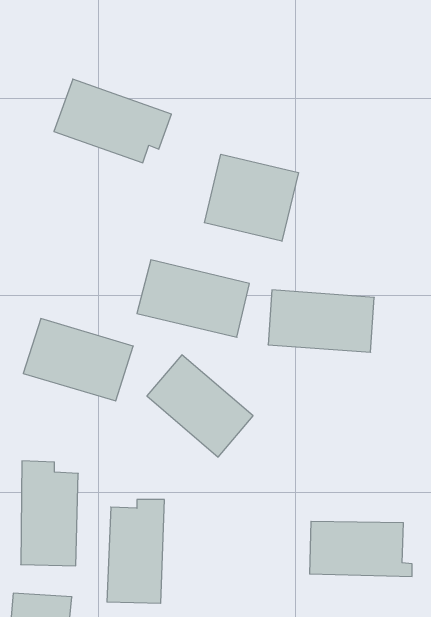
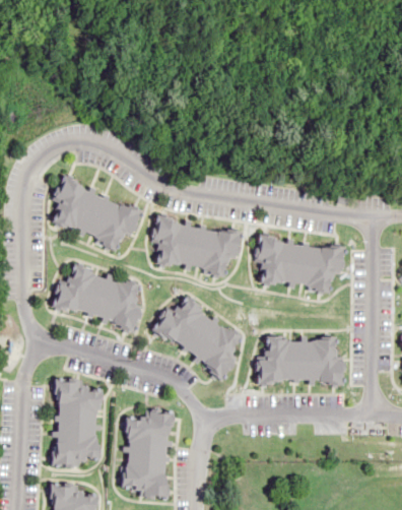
building: [54,79,171,163] -> [48,179,143,247]
building: [204,154,298,241] -> none
building: [310,521,412,576] -> [261,337,344,382]

